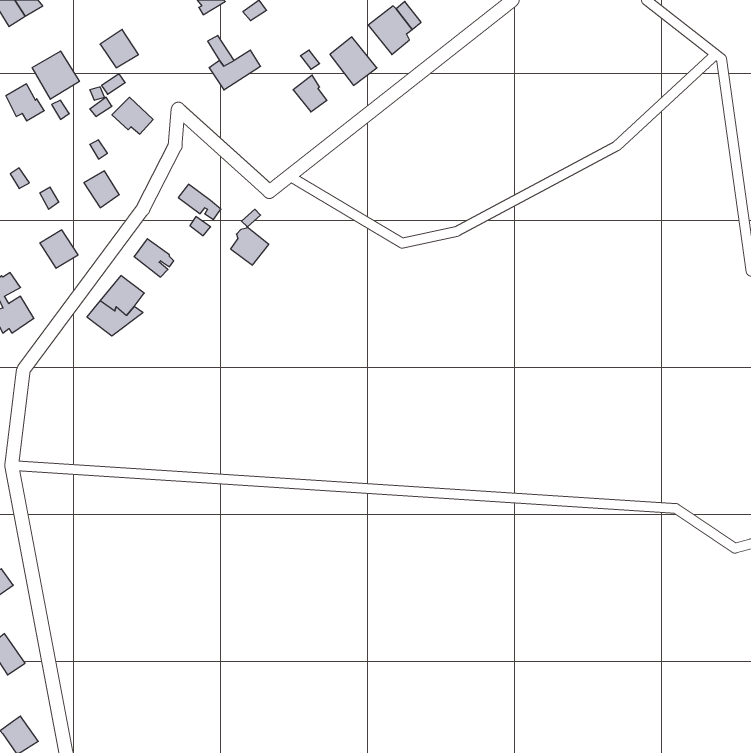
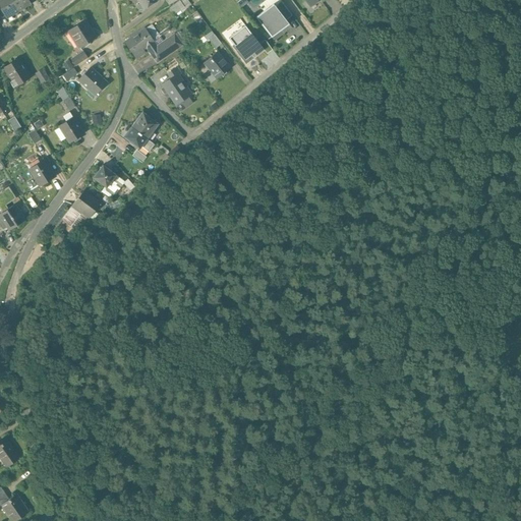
building: none -> [125,28,152,56]
building: [32,51,79,99] -> none
building: none -> [161,68,188,104]
building: [231,227,269,265] -> [130,112,157,138]

